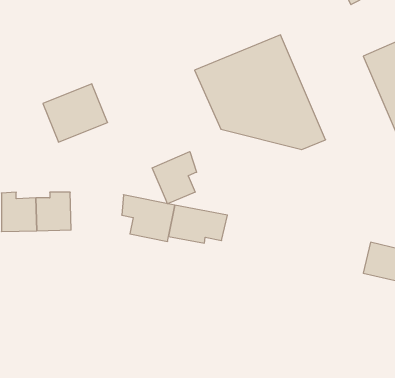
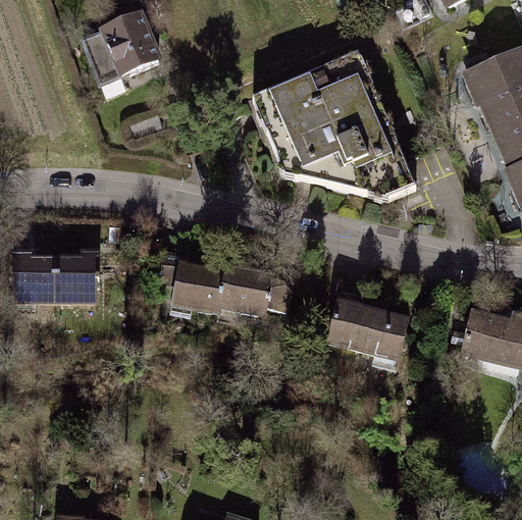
building: [43,84,108,142] -> [82,18,162,91]
building: [152,152,197,204] -> none
building: none -> [327,290,408,356]

